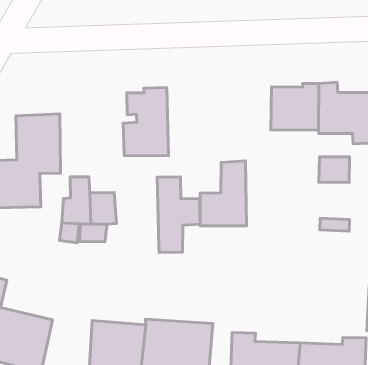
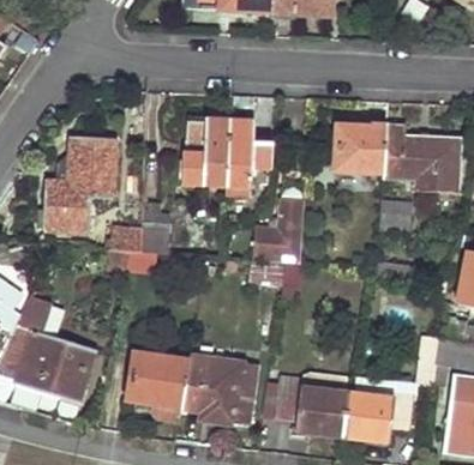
building: [157,177,200,253] -> [226,116,271,195]

